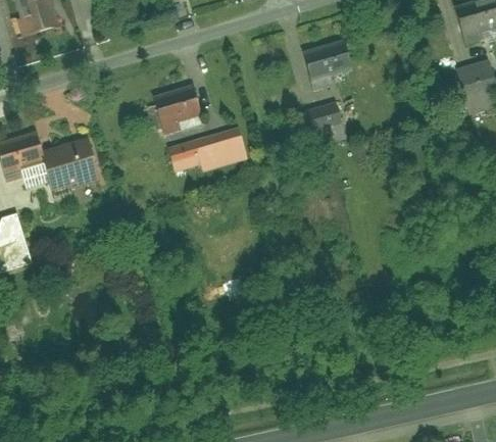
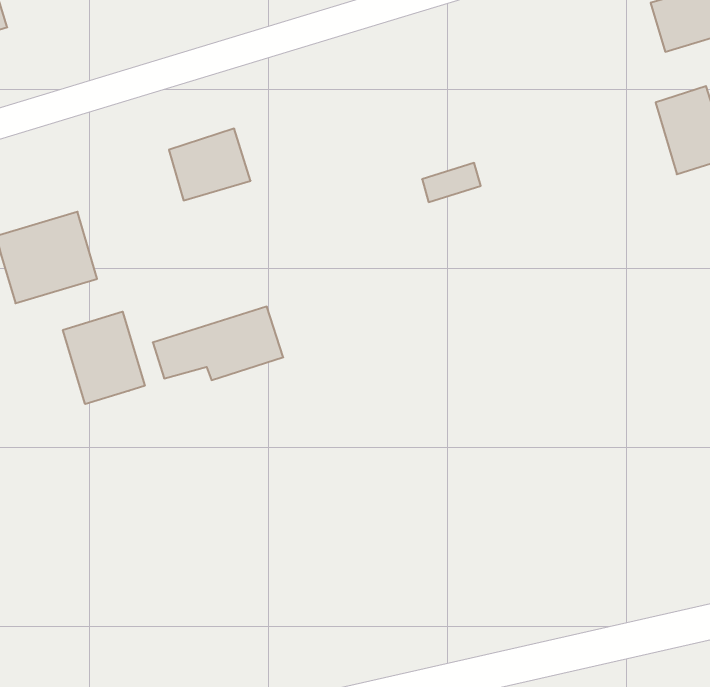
building: [305,43,356,81] -> none
building: [167,126,249,171] -> [153,307,283,380]
building: none -> [63,312,145,404]

